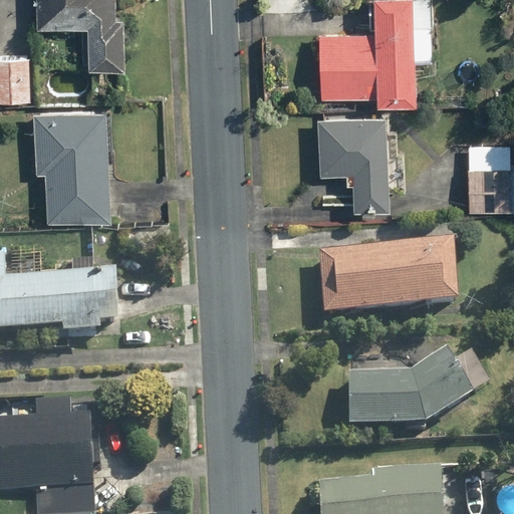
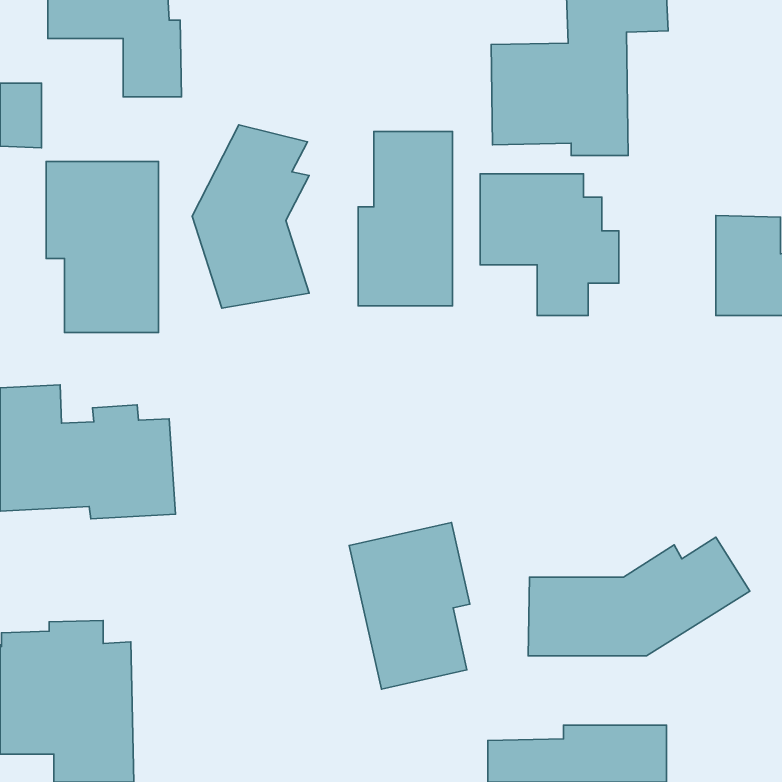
building: none -> [192,125,309,308]
building: none -> [358,131,452,306]
building: [316,244,457,319] -> none
building: none -> [349,523,470,689]

